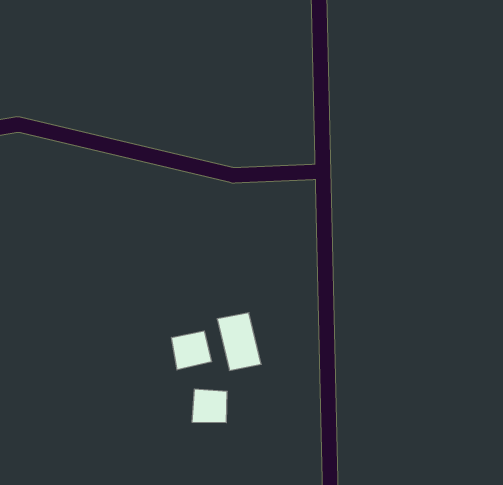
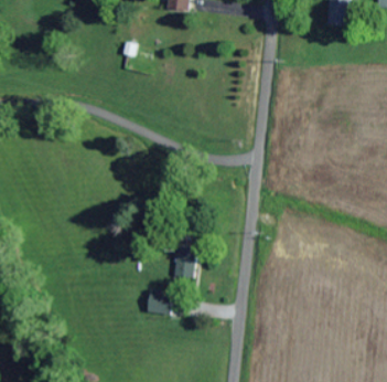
building: [172,331,212,370] -> none

